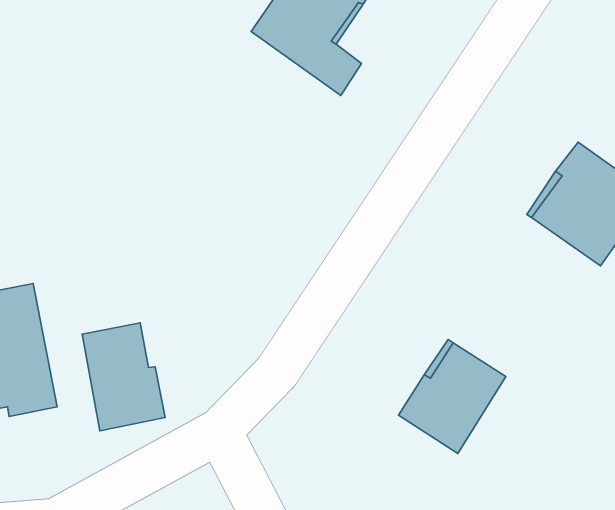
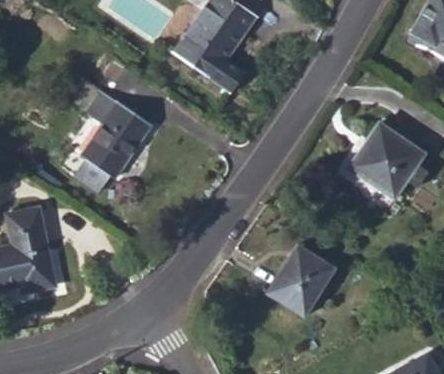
building: none -> [74,90,152,194]
building: [82,323,165,431] -> none

